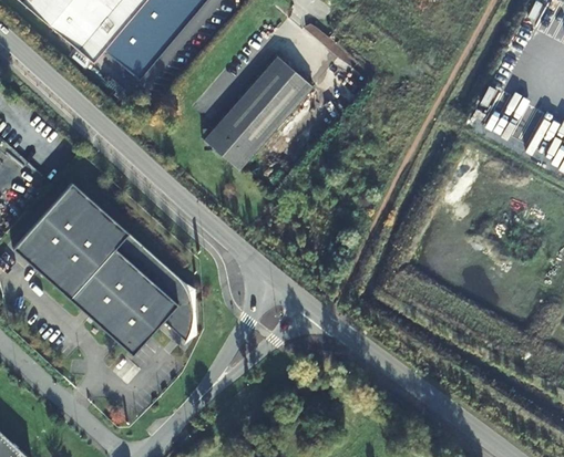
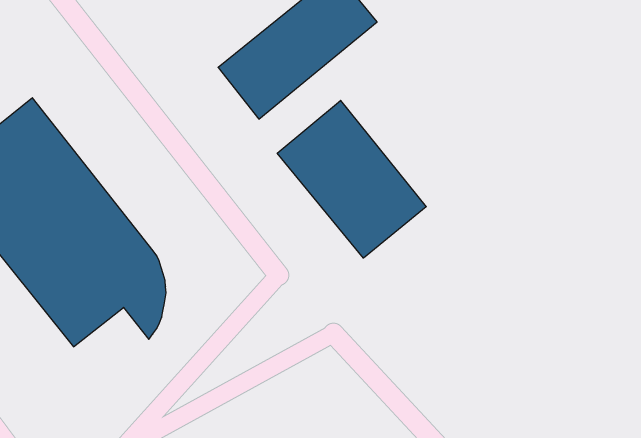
building: none -> [277,100,426,258]

